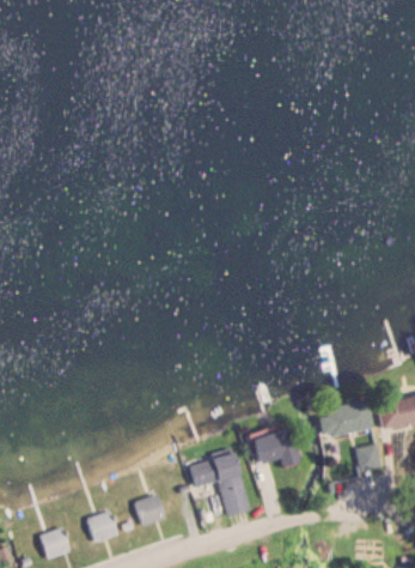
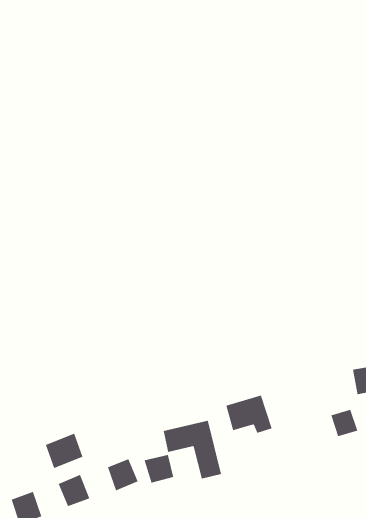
building: [321,401,373,439] -> none
building: none -> [45,433,83,469]
building: none -> [144,454,174,484]

